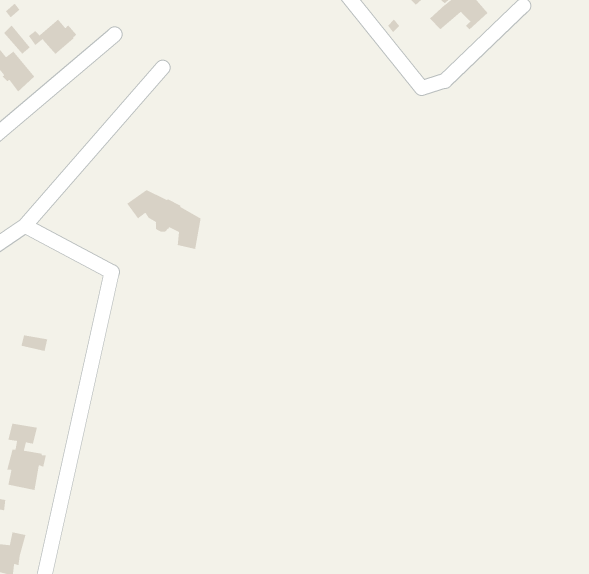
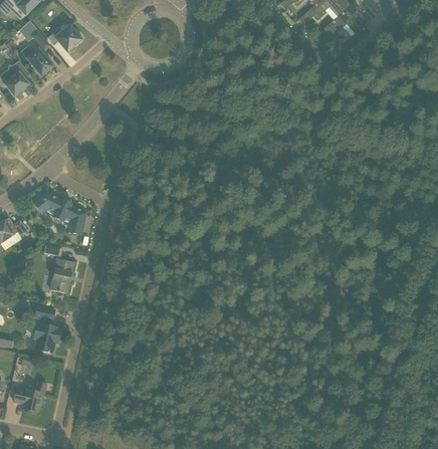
building: [126,189,201,250] -> [32,192,84,234]
building: none -> [49,258,73,292]

